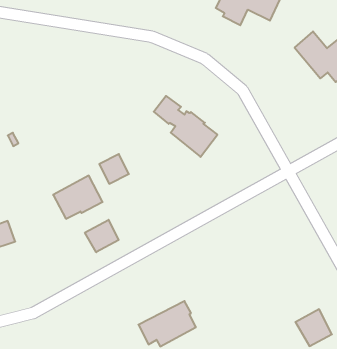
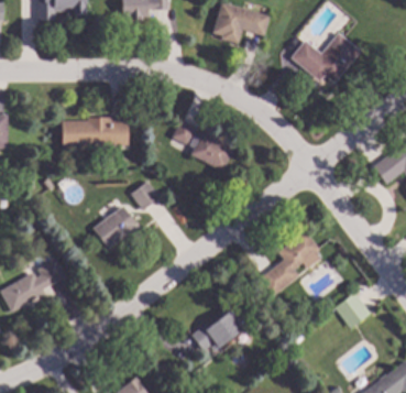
building: none -> [61,118,128,148]
building: [85,220,119,252] -> none
building: none -> [257,231,319,297]

